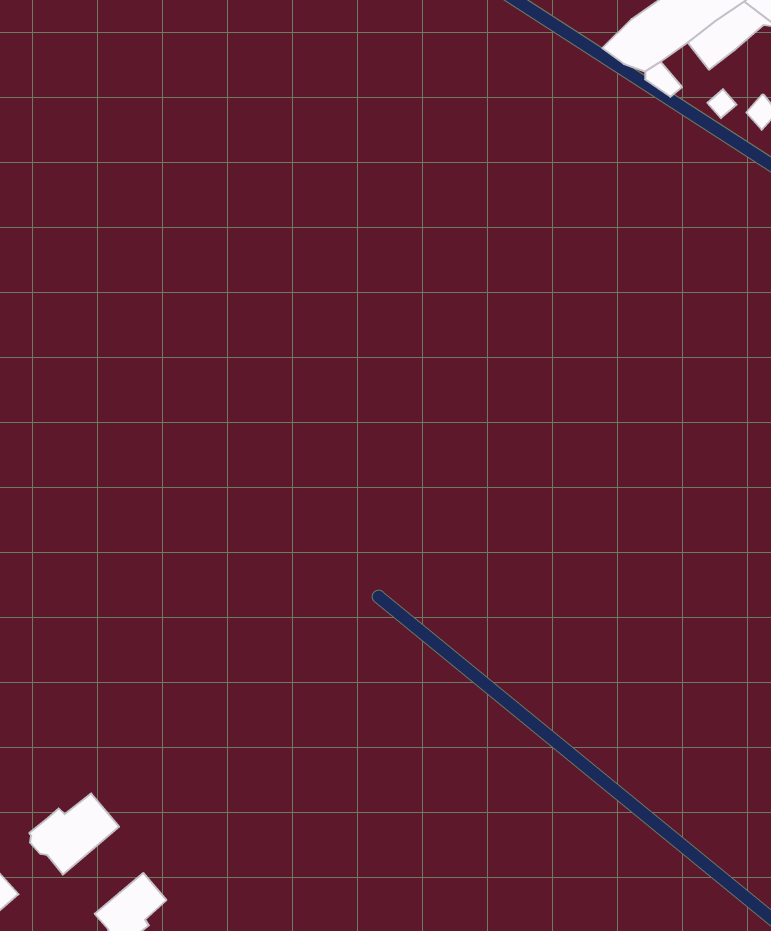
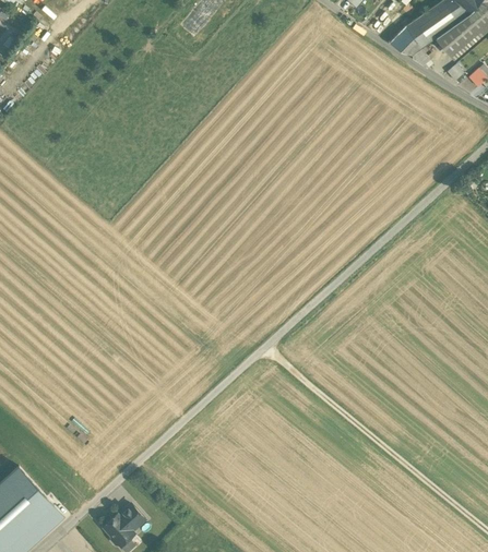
building: [29,793,119,875] -> none

